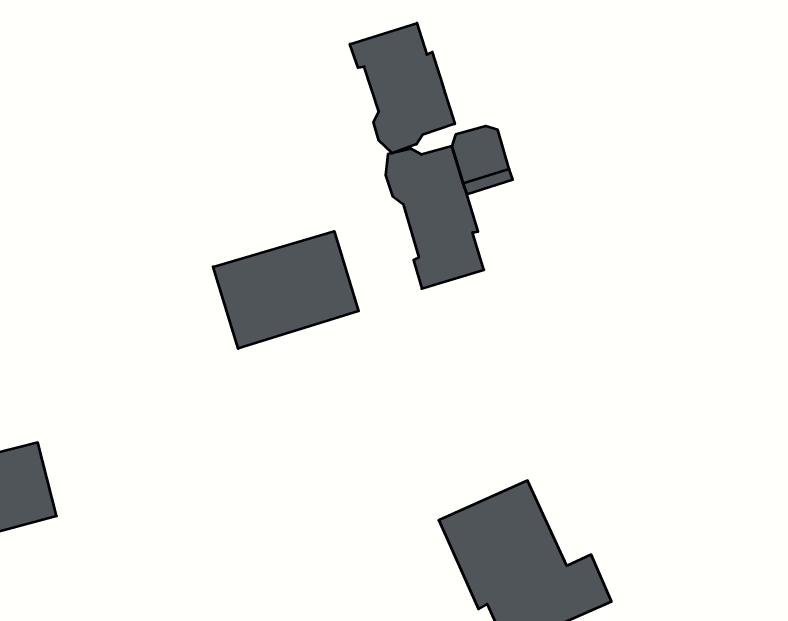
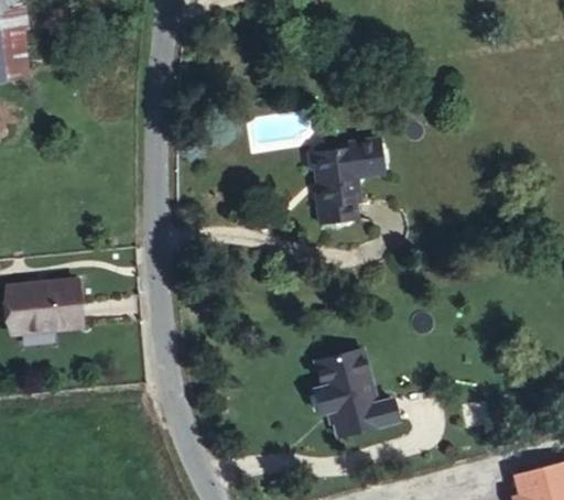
building: [350,23,455,153] -> none
building: [213,231,359,349] -> none

